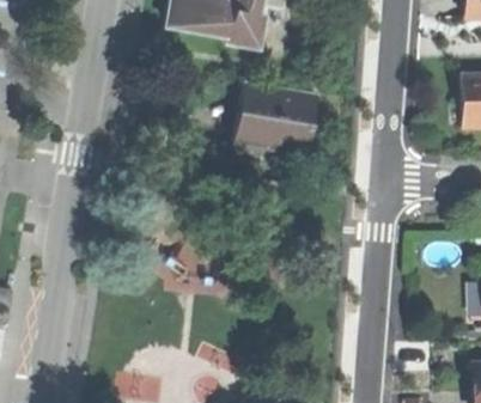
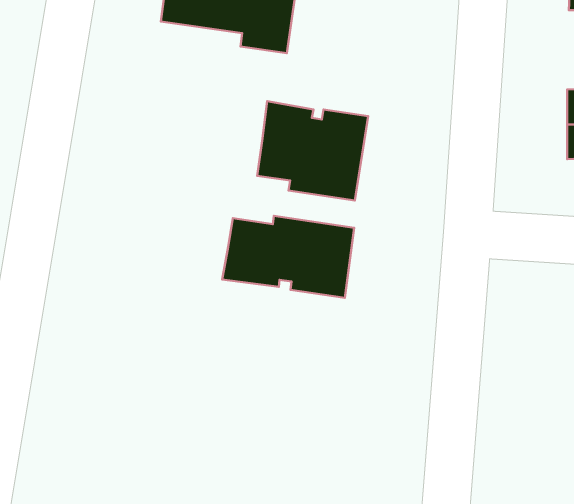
building: none -> [222,216,354,298]

